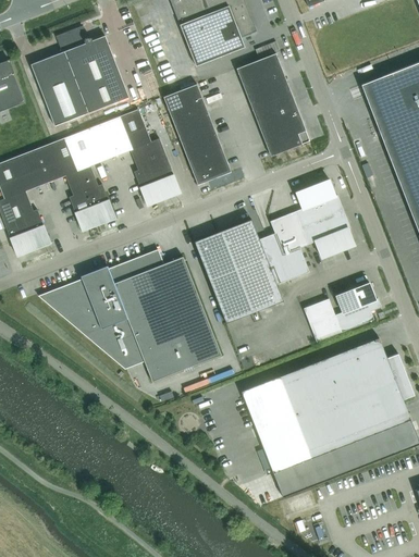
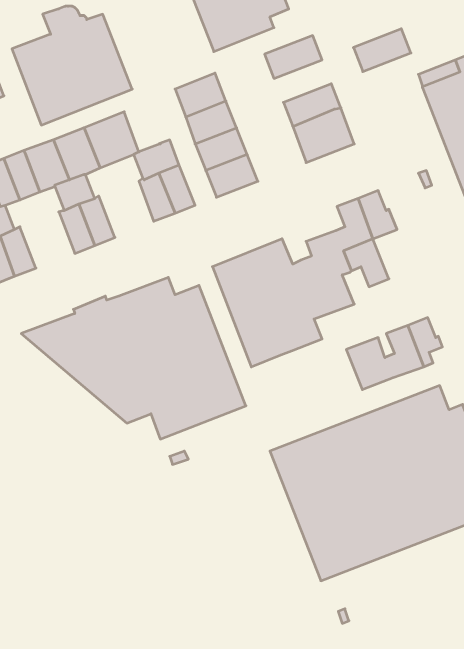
building: [244,73,291,108] -> [353,29,411,72]
building: [122,109,151,148] -> none
building: [324,211,354,251] -> none

